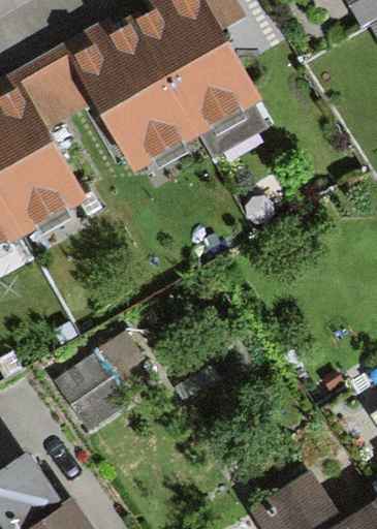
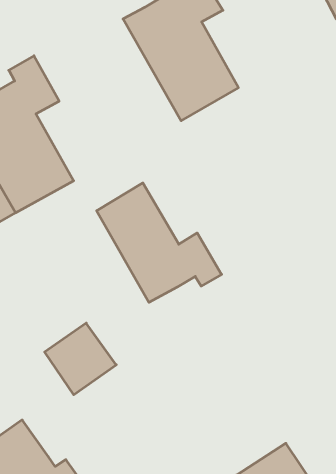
building: [41,27,198,172] -> none
building: none -> [97,183,222,302]

